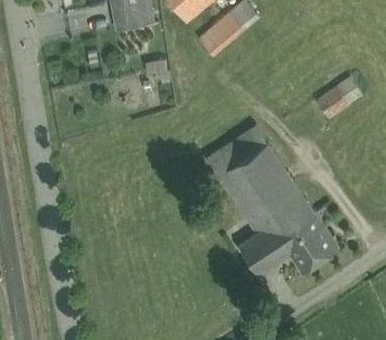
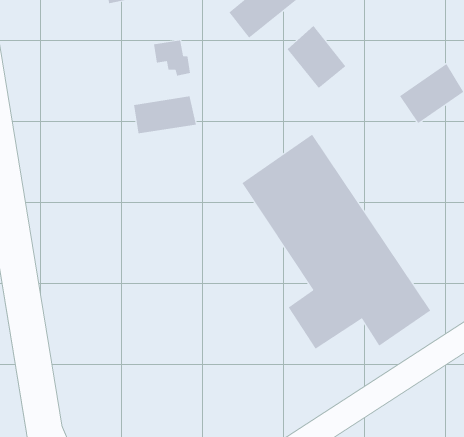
building: none -> [287,25,346,89]
building: none -> [133,96,197,134]

